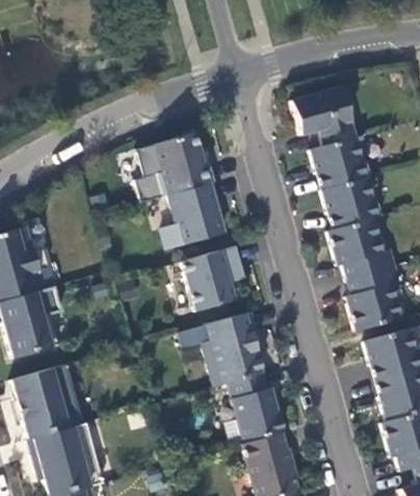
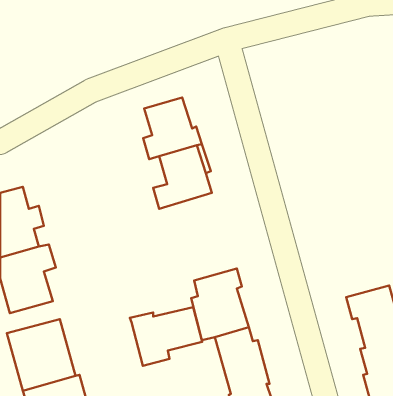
building: [291,87,401,331] -> none
building: [184,246,244,312] -> none
building: none -> [130,307,202,366]

